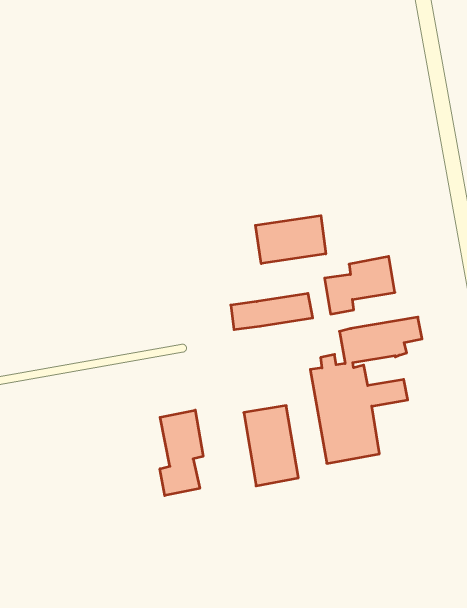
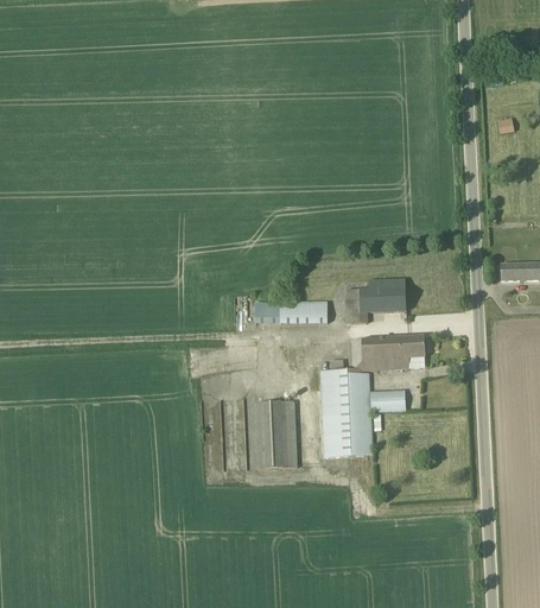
building: [255,216,326,264] -> none
building: [160,410,203,496] -> none

